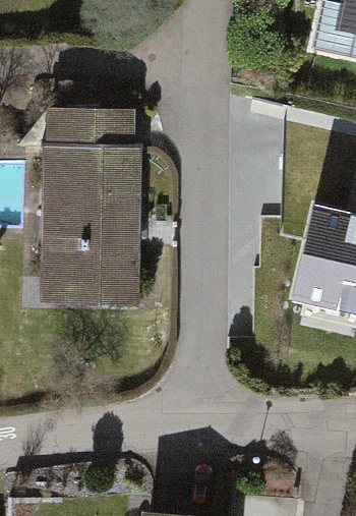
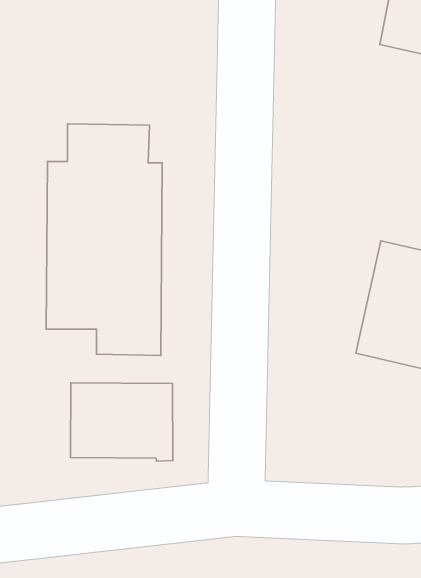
building: none -> [70,383,173,461]

